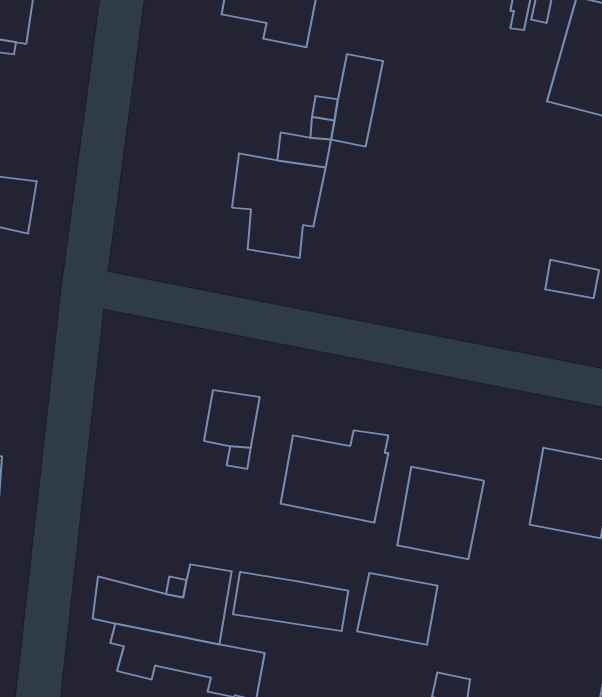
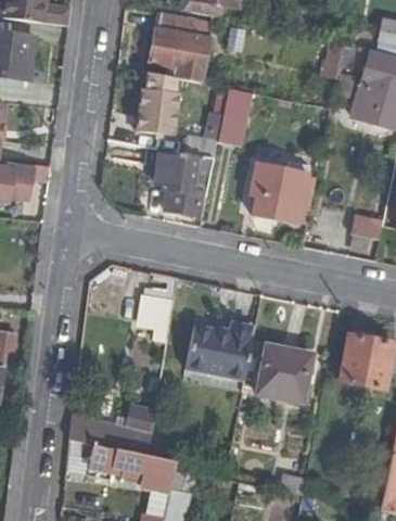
building: none -> [136,89,177,136]
building: none -> [253,173,306,223]
building: [233,572,348,631] -> none
building: [357,573,438,645] -> none

